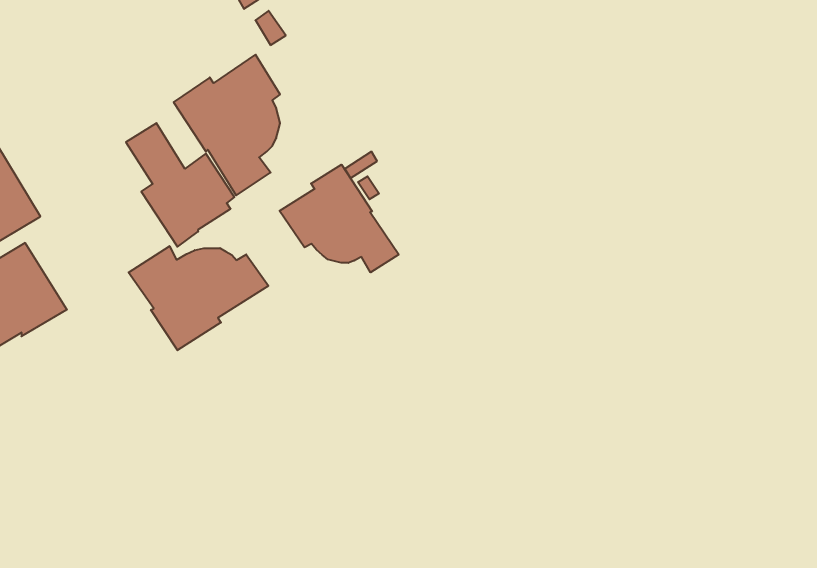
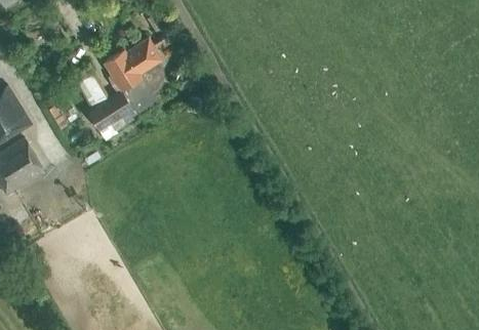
building: [280,165,399,272] -> none
building: [129,246,268,350] -> none

